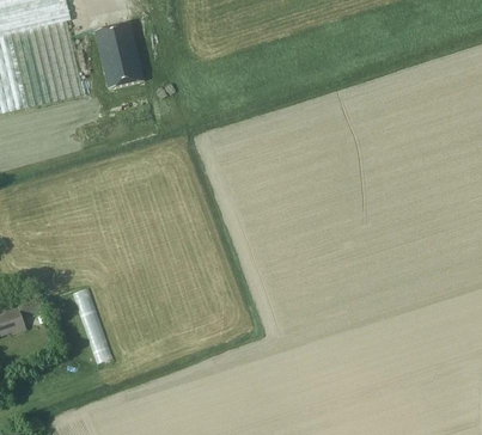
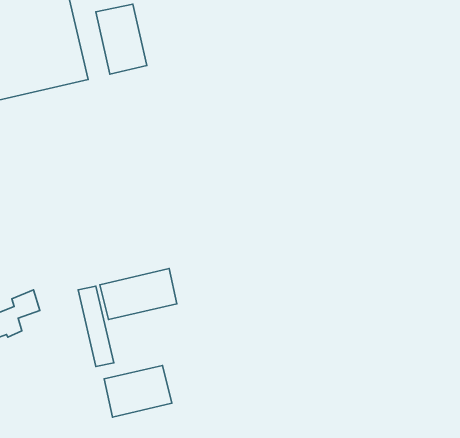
building: none -> [100,268,177,319]
building: none -> [104,366,172,417]

